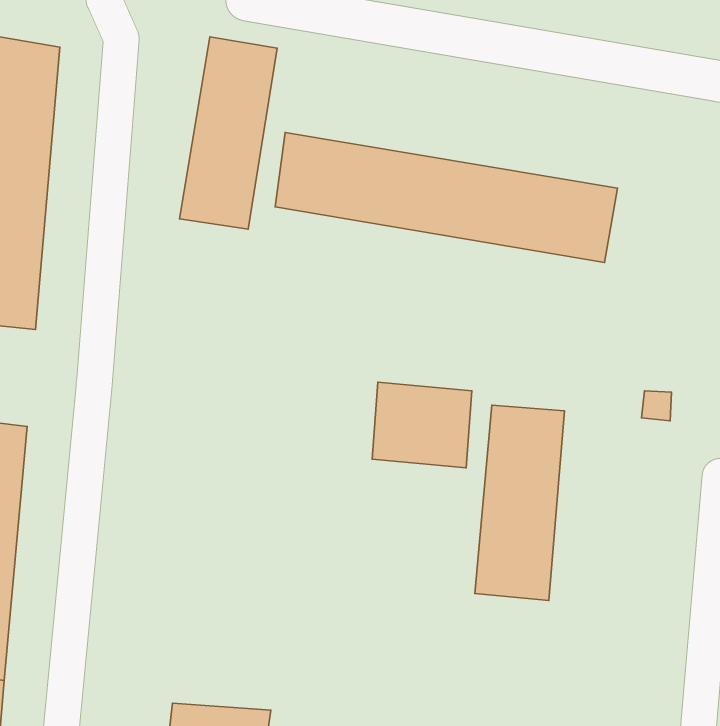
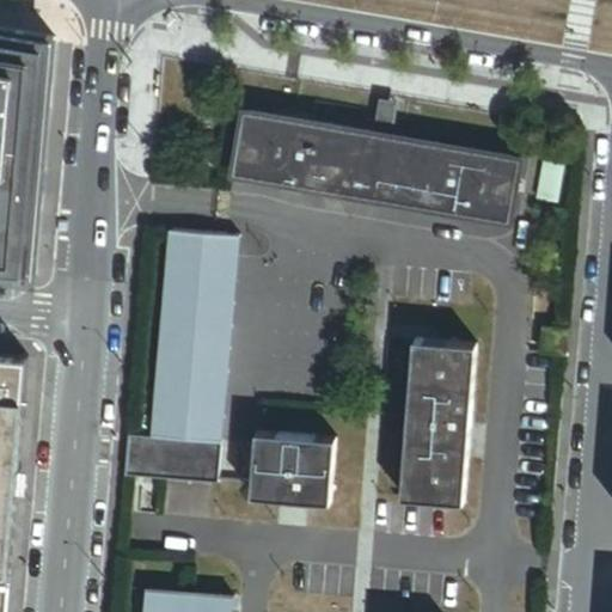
building: [179,37,277,229] -> none
building: none -> [120,233,232,482]
building: [372,382,472,468] -> [247,430,331,502]

